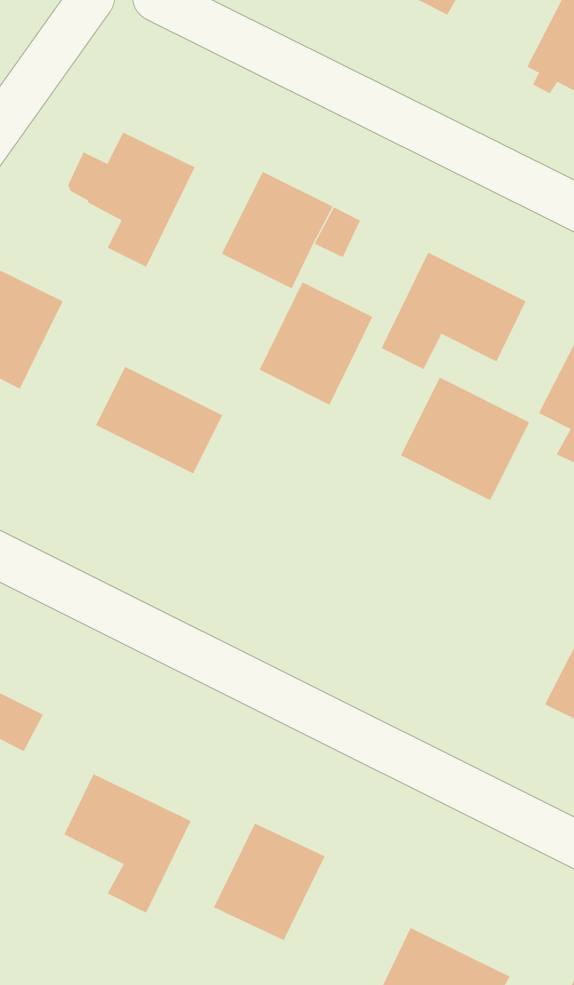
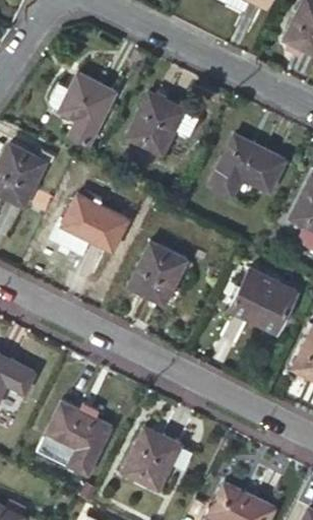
building: [259,281,373,405] -> [129,242,188,306]
building: [400,377,530,501] -> [231,268,298,332]

